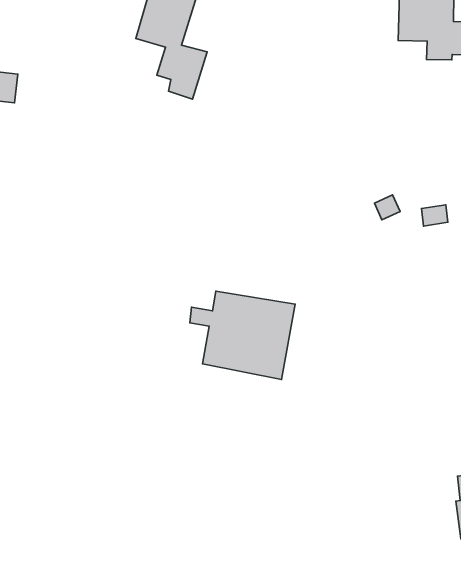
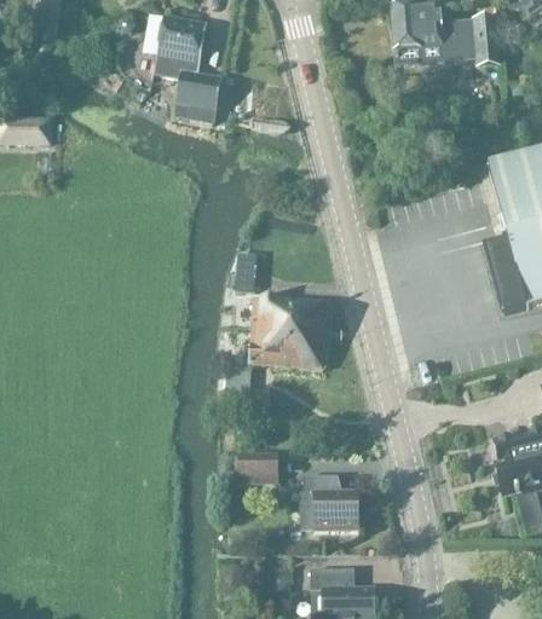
building: none -> [238,453,278,476]
building: none -> [300,475,359,531]

